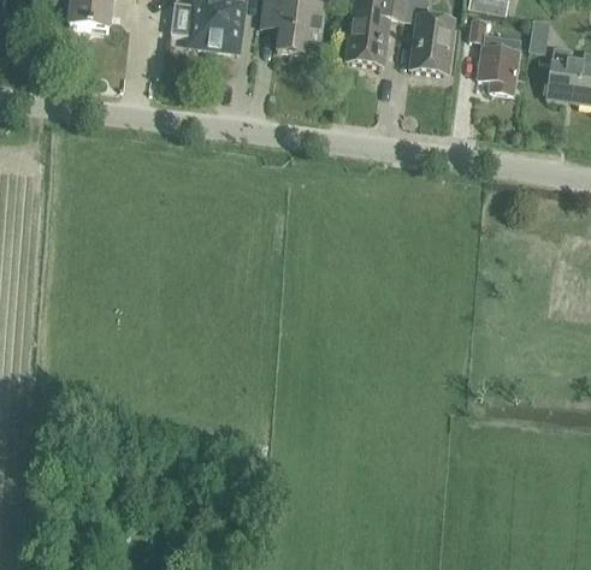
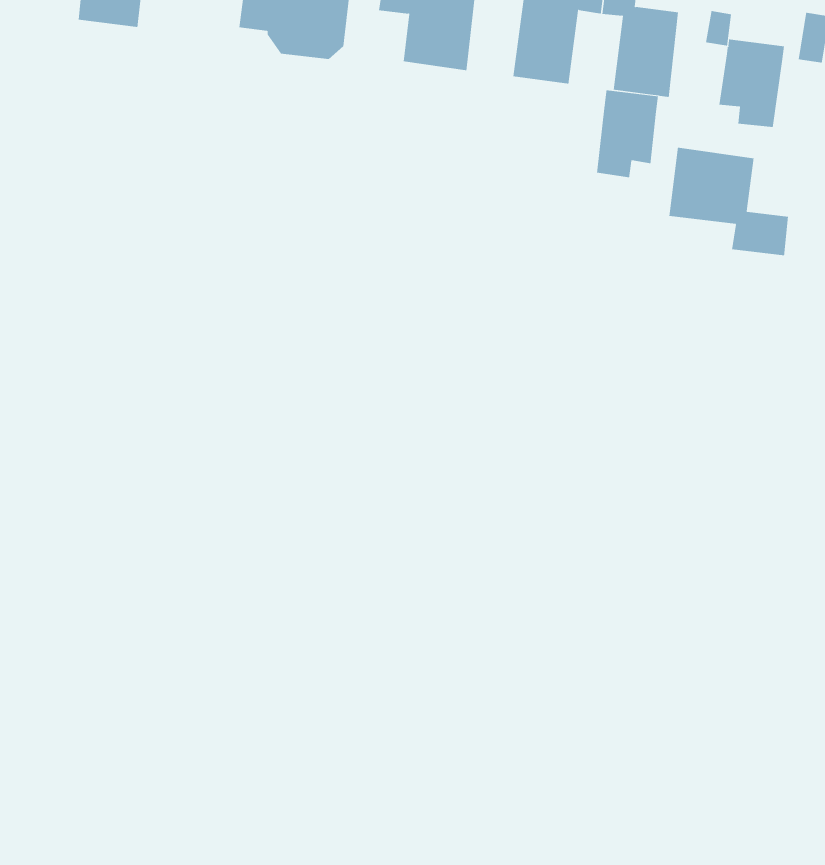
building: none -> [597,90,658,178]
building: none -> [669,147,788,256]

